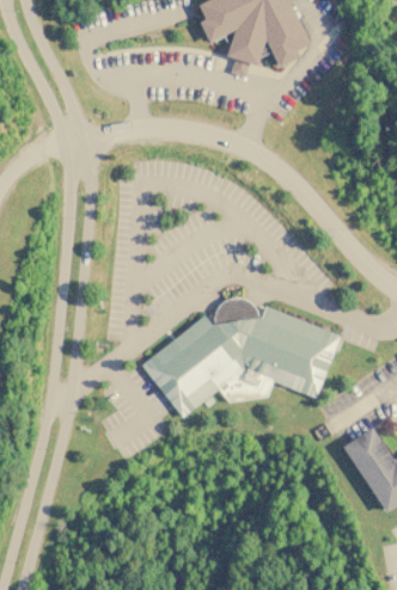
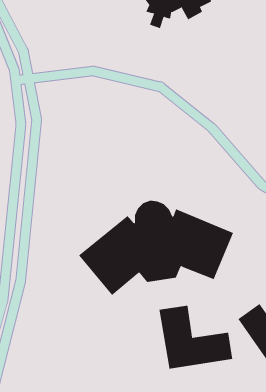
building: none -> [159,305,233,369]

